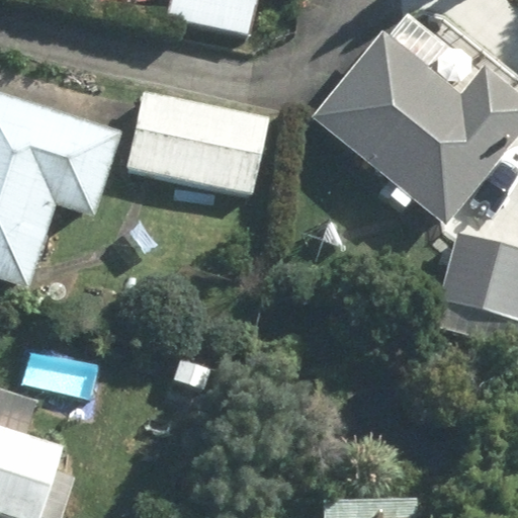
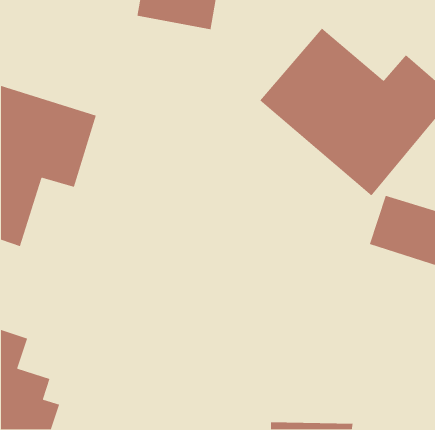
building: [120,86,268,196] -> none

